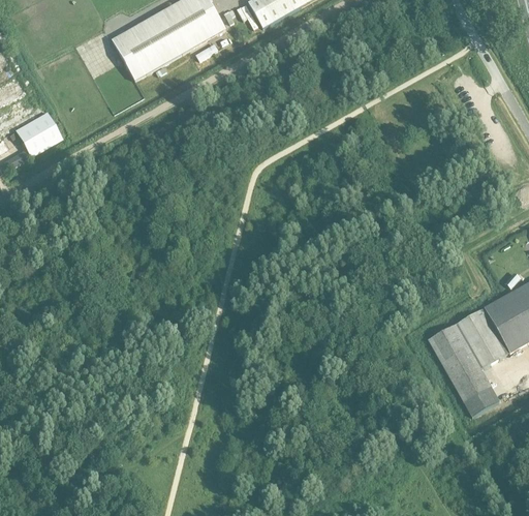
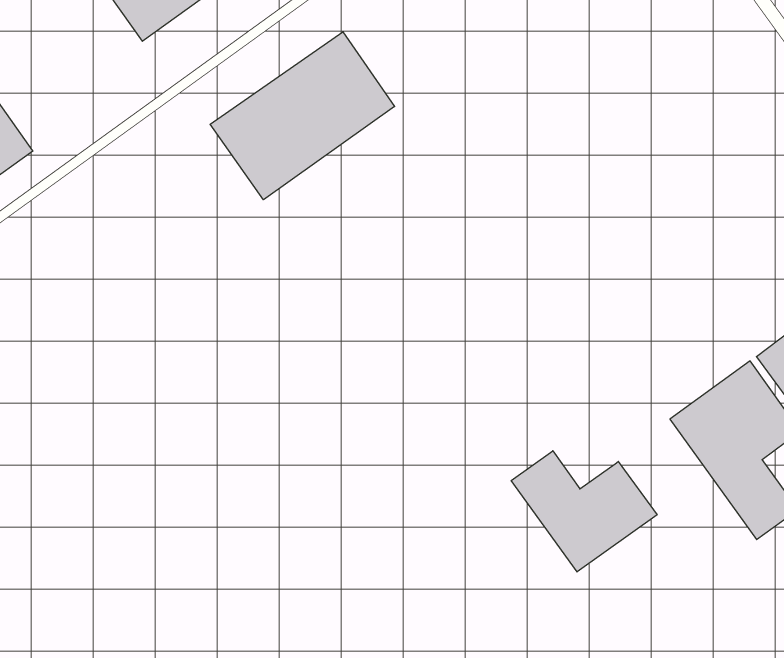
building: none -> [210,32,395,200]
building: none -> [511,451,657,572]

